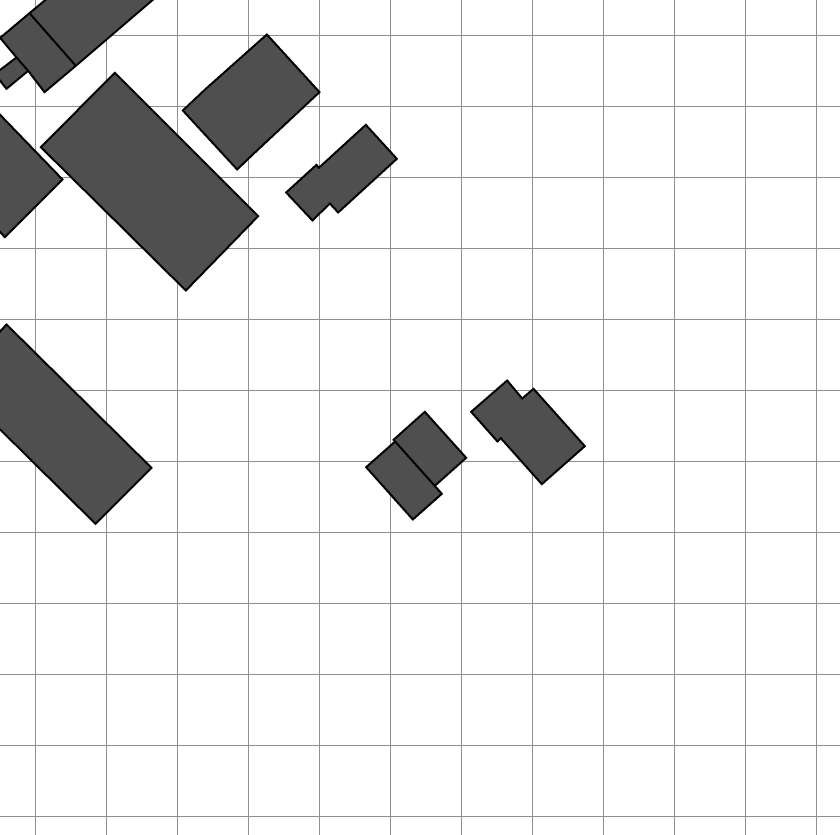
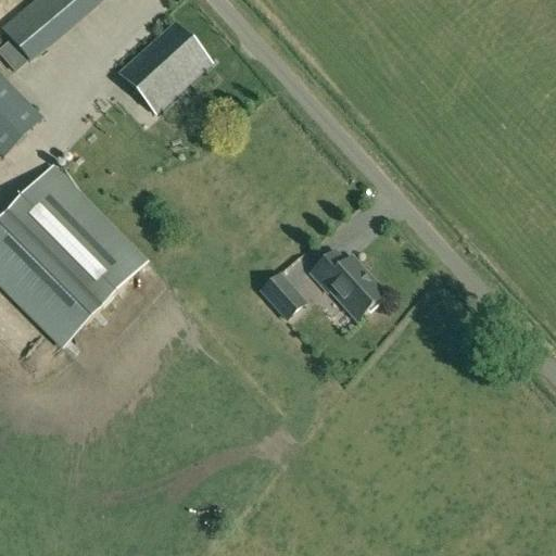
building: [41,73,258,290] -> [4,165,148,308]
building: [286,125,397,220] -> none
building: [366,441,442,520] -> none

